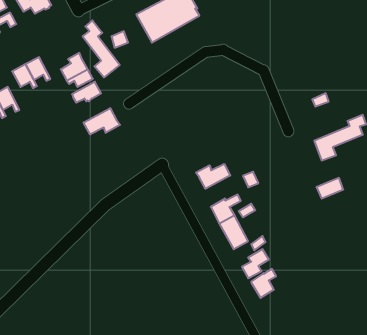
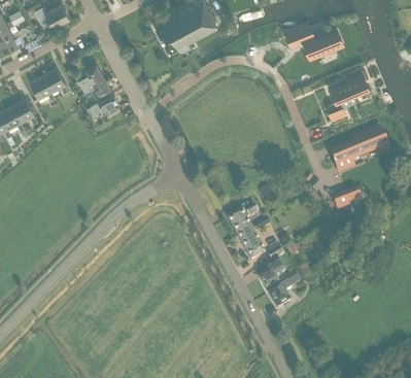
building: none -> [287,29,342,57]
building: [83,20,120,77] -> none
building: none -> [331,72,369,101]
building: [84,108,120,135] -> none
building: [196,164,230,189] -> none

